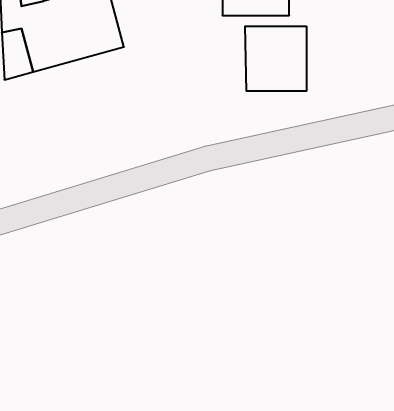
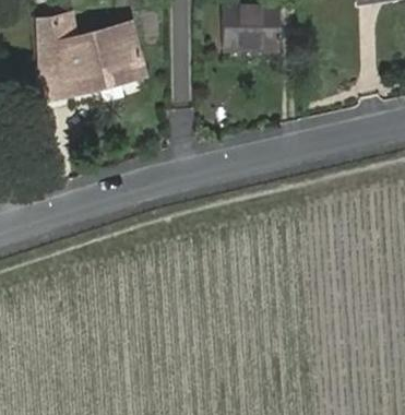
building: [245,26,306,91] -> none

